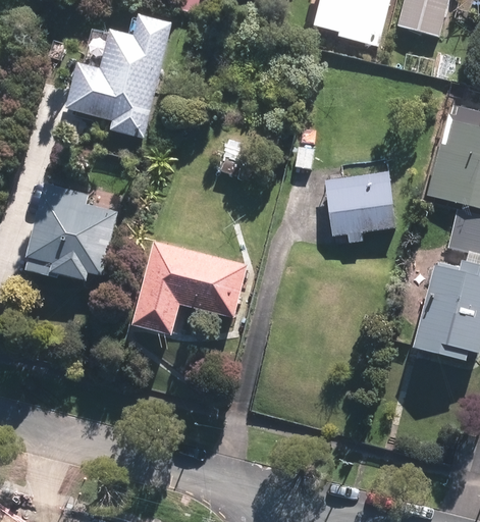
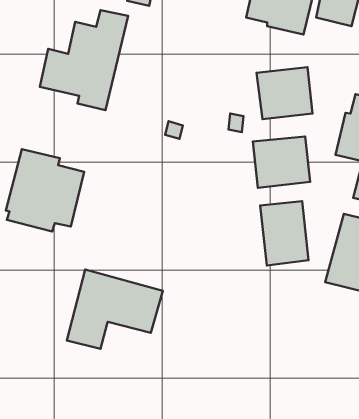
building: none -> [257,67,312,119]
building: [132,240,249,335] -> [67,270,163,349]
building: none -> [260,201,309,265]

